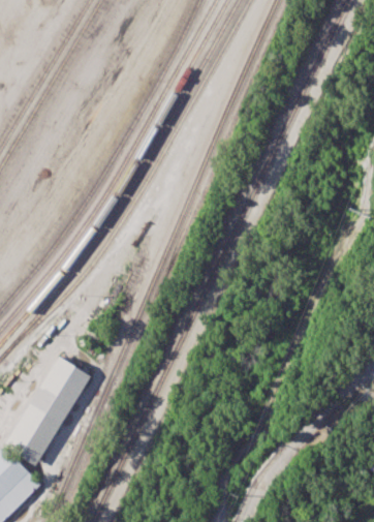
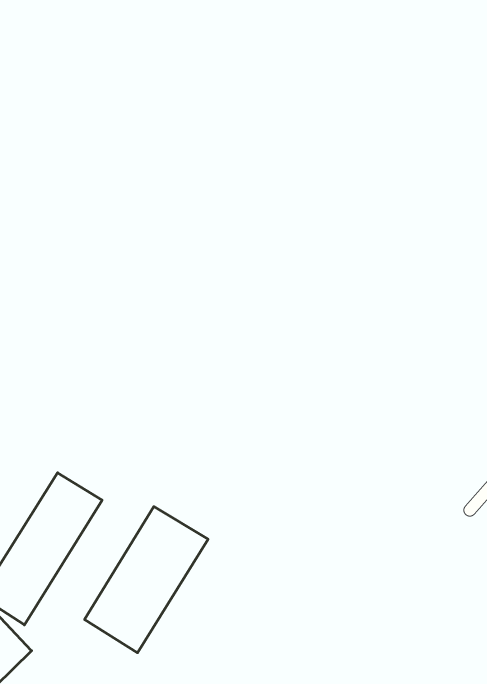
building: none -> [85,507,208,653]

